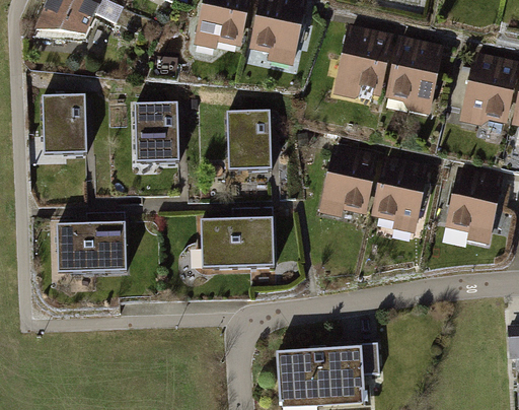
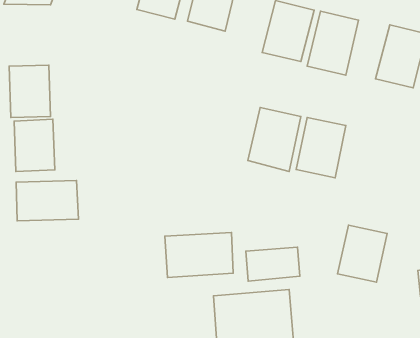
building: [139,101,184,160] -> [14,119,55,171]
building: [230,107,275,165] -> none
building: [446,172,502,235] -> [338,225,387,282]
building: [198,223,275,274] -> [165,233,233,278]
building: none -> [246,247,300,281]

